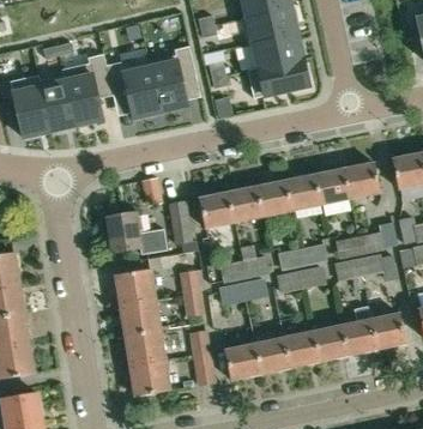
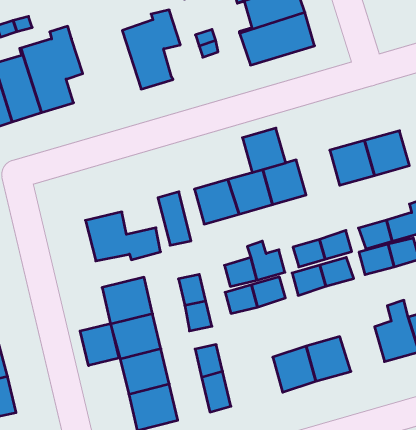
building: [105,60,161,116] -> none
building: [286,174,321,210] -> [242,128,286,173]
building: none -> [80,323,119,366]
building: [312,325,348,361] -> none
building: [224,344,260,380] -> none

